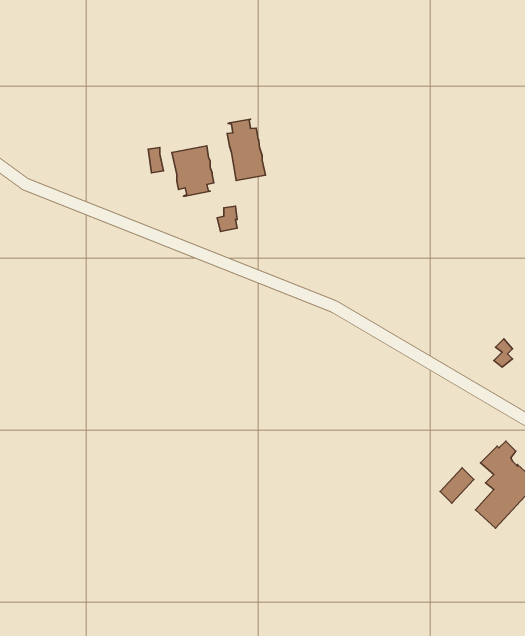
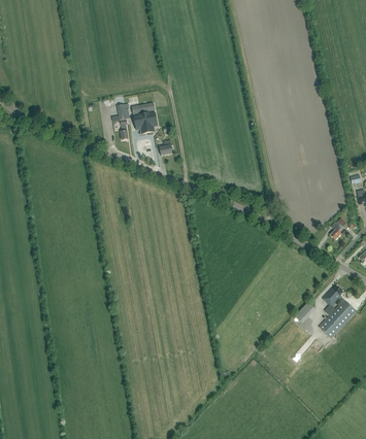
building: [227,119,265,181] -> none

